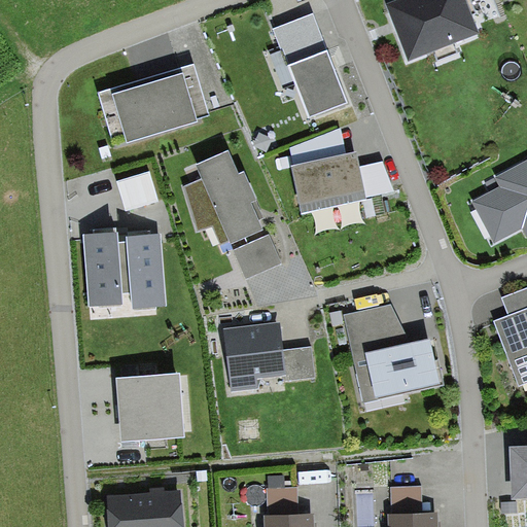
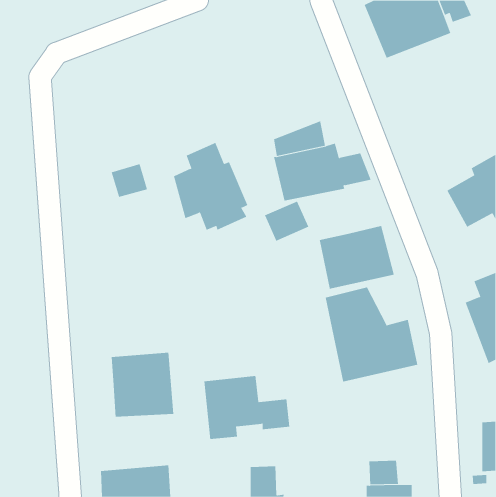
building: [272,12,348,118] -> none
building: [97,64,208,143] -> none
building: [84,227,165,309] -> none
building: [233,235,280,278] -> [264,201,309,242]
building: none -> [319,225,394,289]
building: [222,323,314,391] -> [204,375,290,440]

